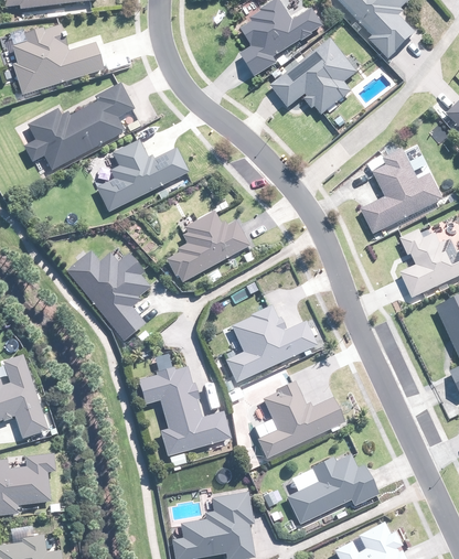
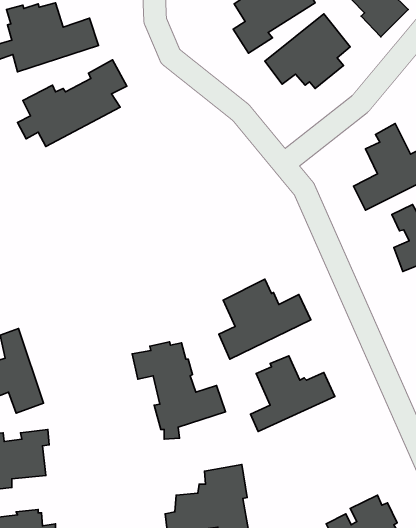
building: [95,139,189,212] -> none
building: [166,208,248,281] -> none
building: [64,249,149,342] -> none
building: [286,453,377,523] -> none

